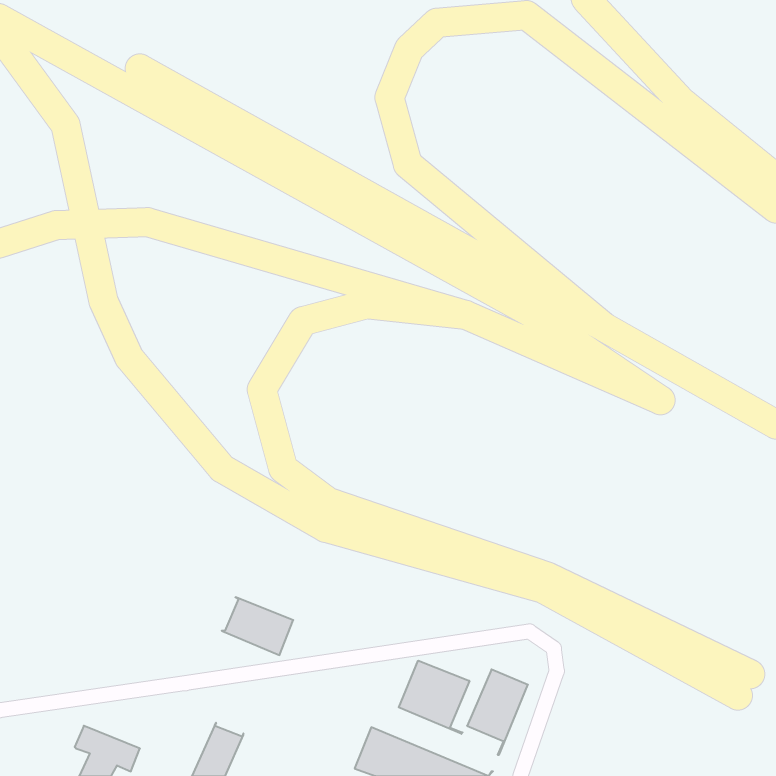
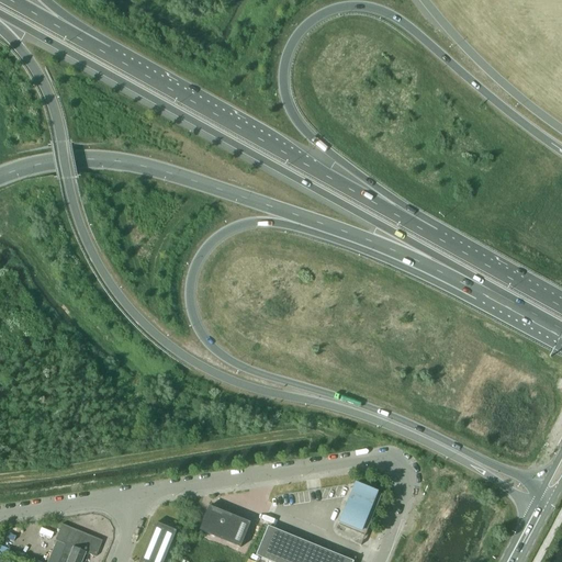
building: [222,597,293,655] -> [199,505,250,547]
building: [399,661,469,734] -> none

